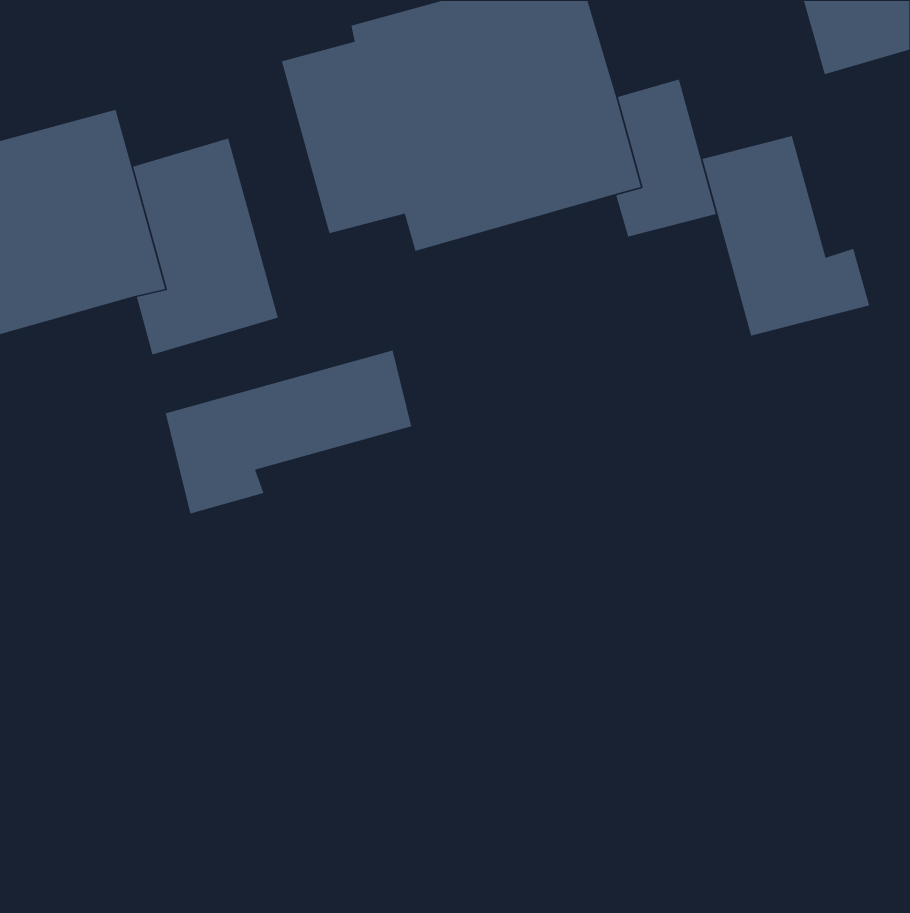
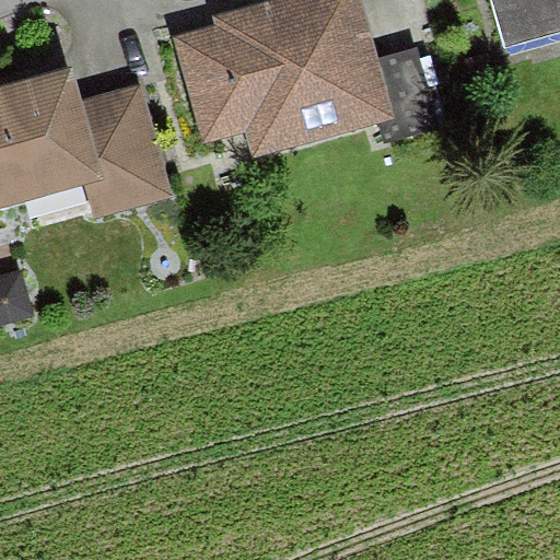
building: [701,135,870,336] -> none
building: [165,350,412,514] -> none

